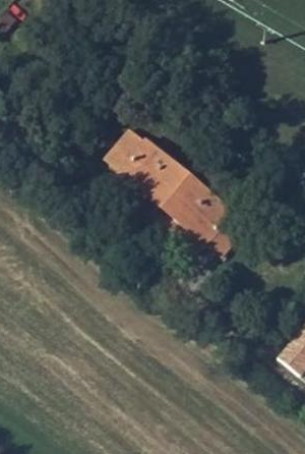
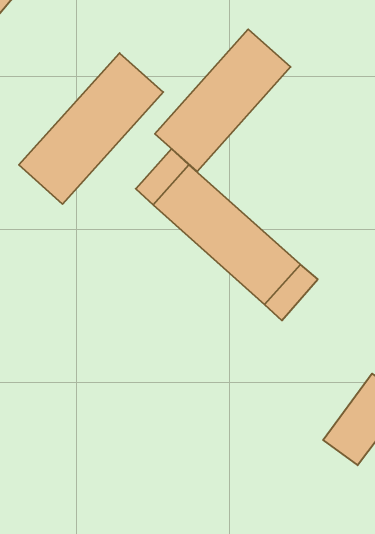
building: none -> [155,29,291,172]
building: none -> [19,53,163,204]

